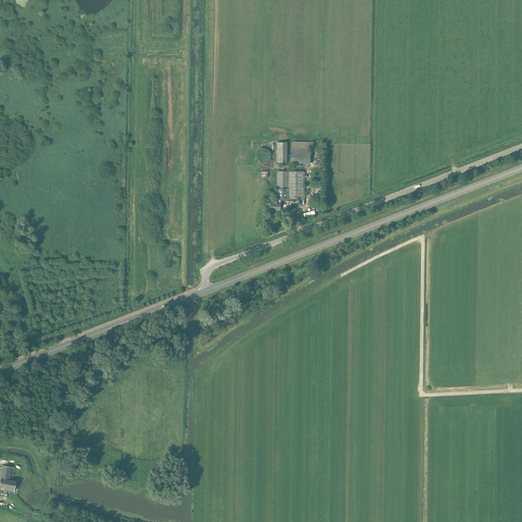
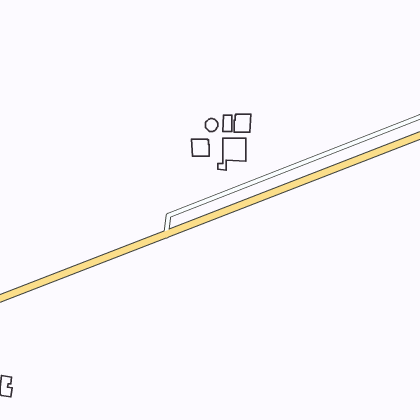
building: none -> [192,139,209,156]

